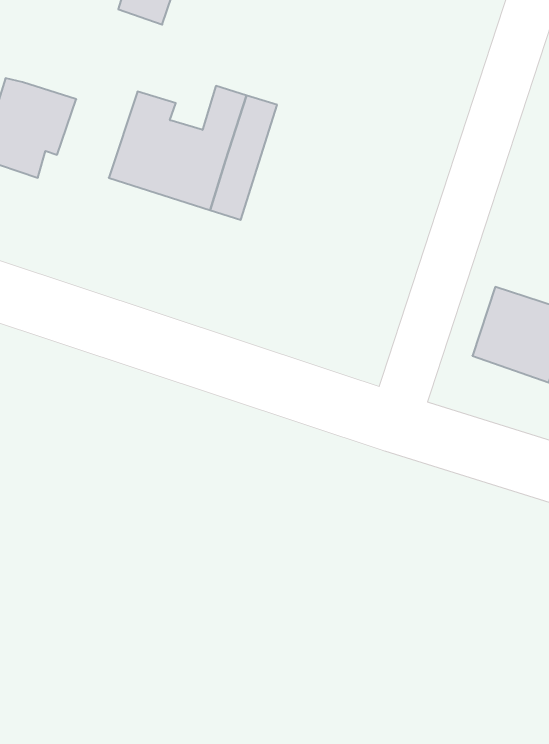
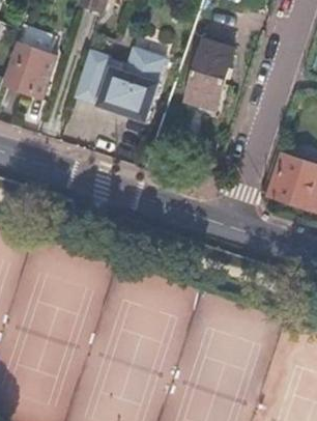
building: none -> [184,41,234,110]

